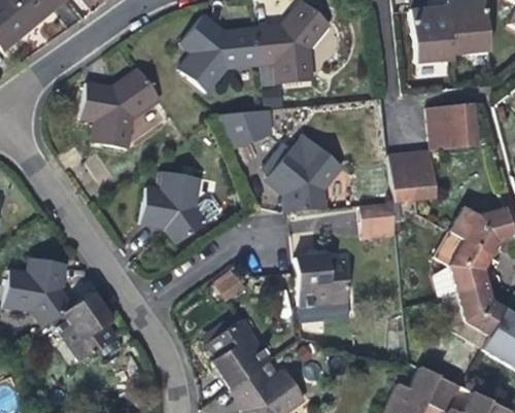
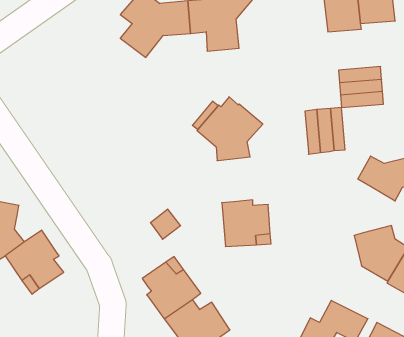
building: [81,65,165,147] -> none
building: [220,109,271,144] -> none
building: [128,182,195,252] -> none
building: [360,200,397,236] -> none
building: [434,231,491,291] -> none

